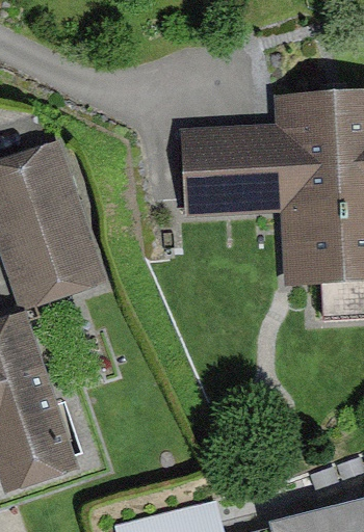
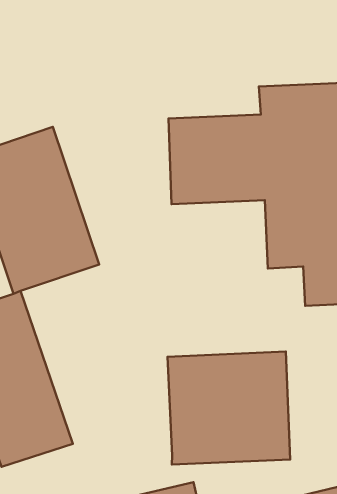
building: none -> [168,352,290,465]

